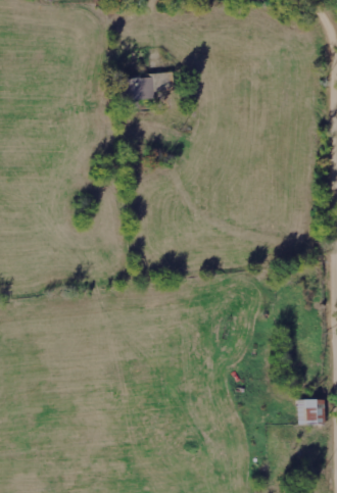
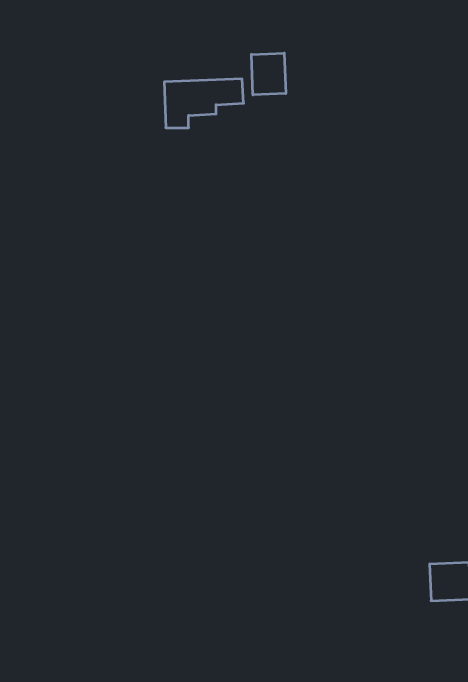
building: none -> [251,53,286,95]

